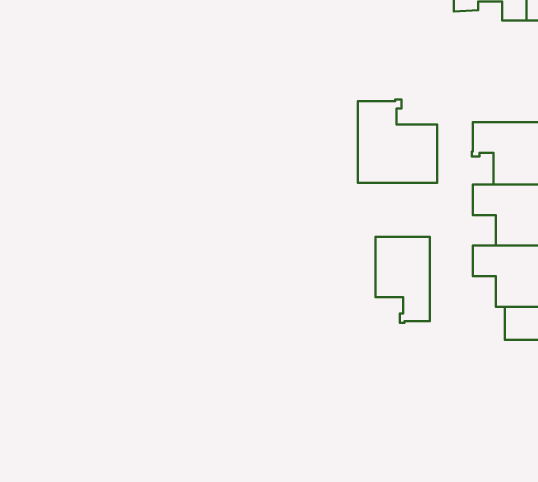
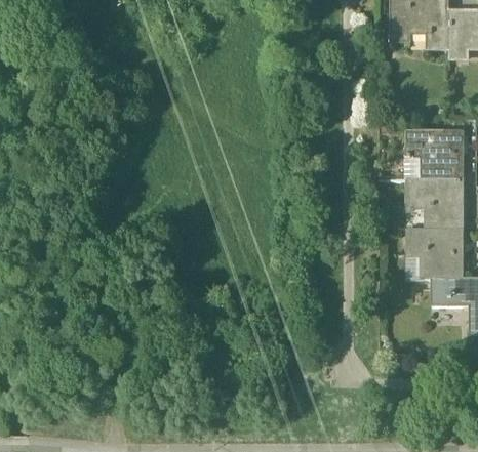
building: [358,100,437,183] -> none
building: [376,237,430,323] -> none

